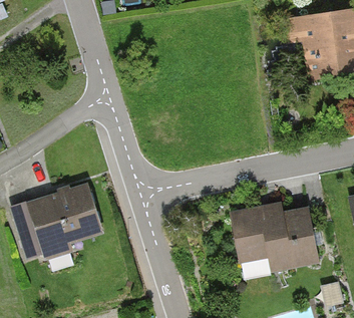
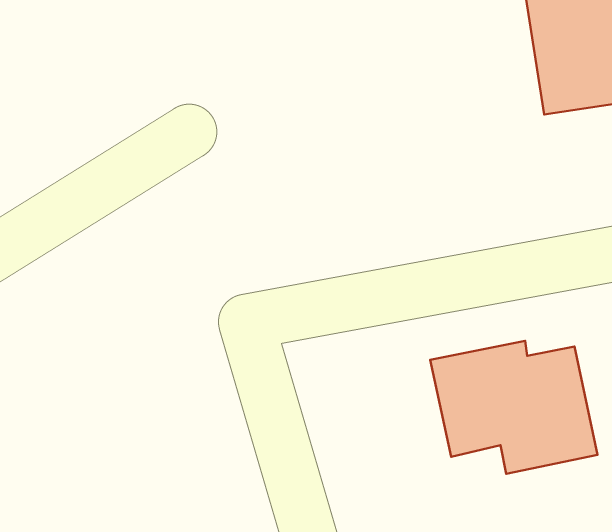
building: [9,182,103,257] -> none

